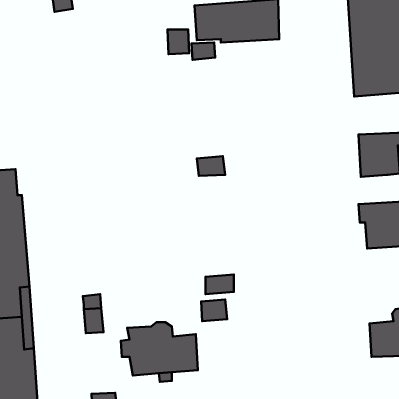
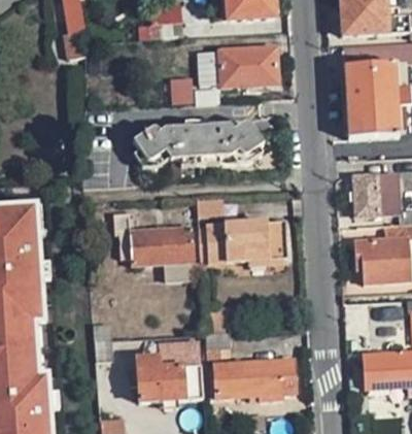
building: none -> [132,123,253,163]
building: none -> [110,210,192,279]
building: none -> [198,222,286,261]
building: none -> [214,358,296,397]

